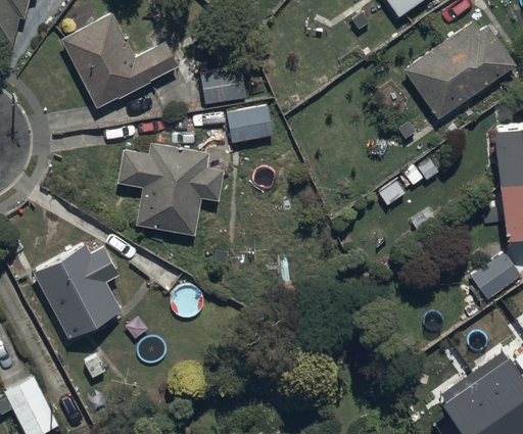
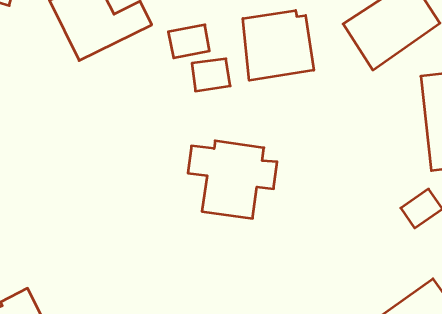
building: none -> [243,10,314,80]
building: [118,143,223,234] -> [188,141,277,218]
building: [33,242,120,335] -> none

